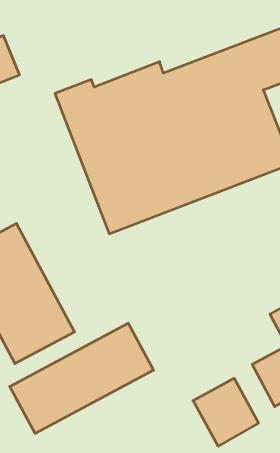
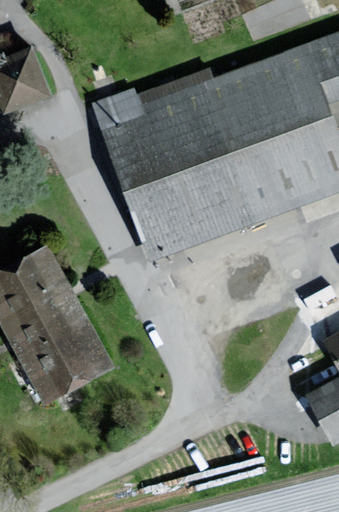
building: [10,323,154,433] -> none
building: [193,378,258,446] -> none

